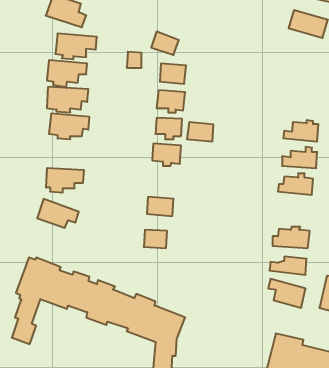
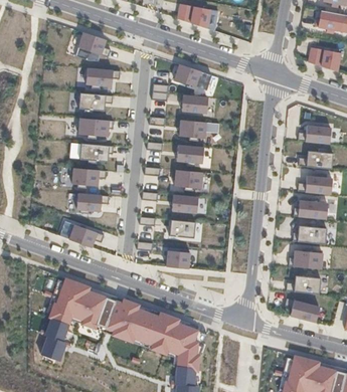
building: none -> [298,125,331,142]
building: [187,122,213,141] -> [172,195,197,213]
building: none -> [70,167,107,190]
building: none -> [293,223,327,242]

